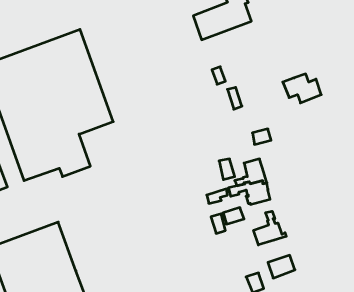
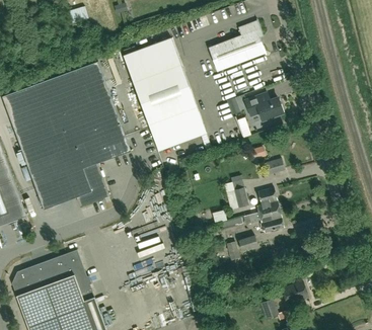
building: none -> [123,38,206,151]
building: [283,74,321,103] -> [244,92,282,120]
building: [254,211,286,245] -> none

